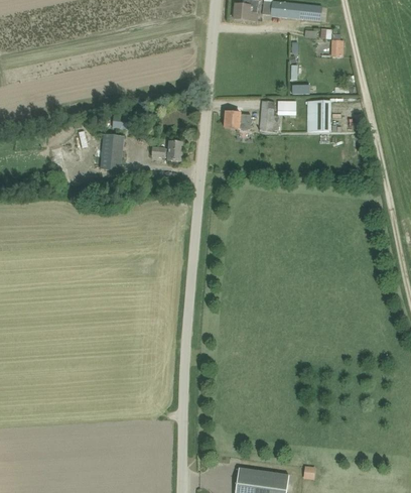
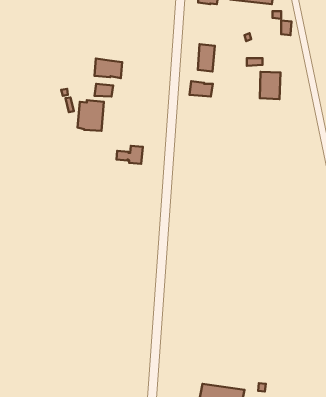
building: none -> [94,58,122,78]
building: [260,100,280,132] -> [198,44,215,72]
building: [151,140,182,161] -> [116,146,143,164]

